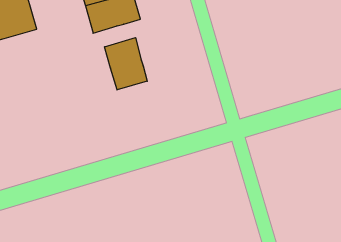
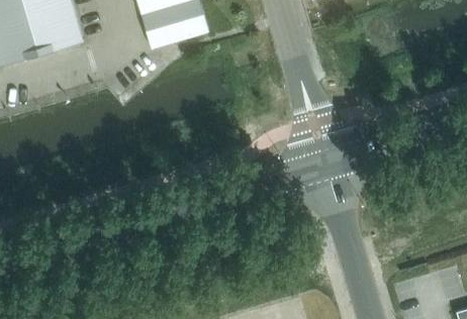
building: [105,38,147,90] -> none

